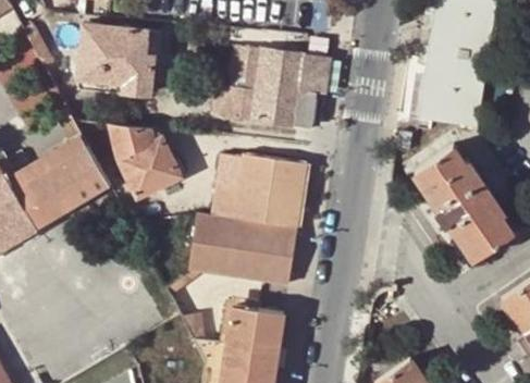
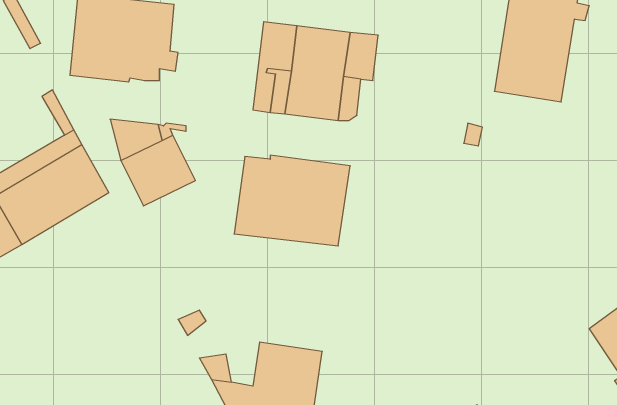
building: [412,145,509,258] -> none
building: [188,218,295,287] -> none

